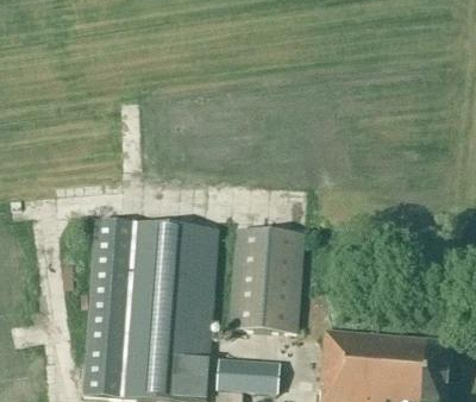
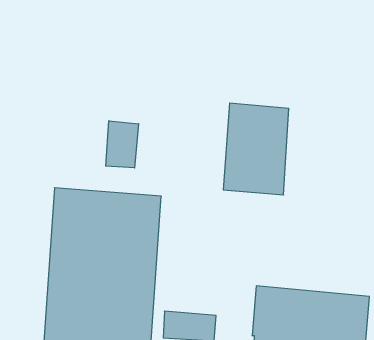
building: none -> [106,121,139,168]
building: [228,227,302,331] -> [223,103,289,195]

